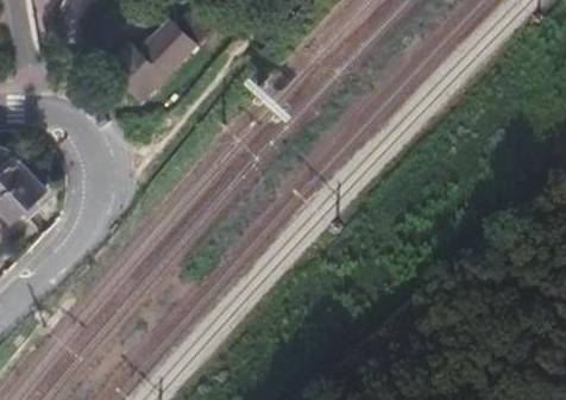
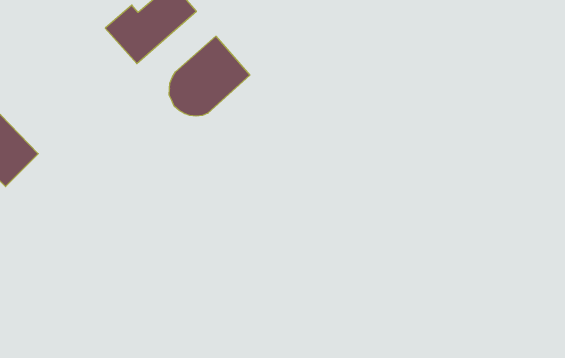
building: none -> [169,36,250,116]

